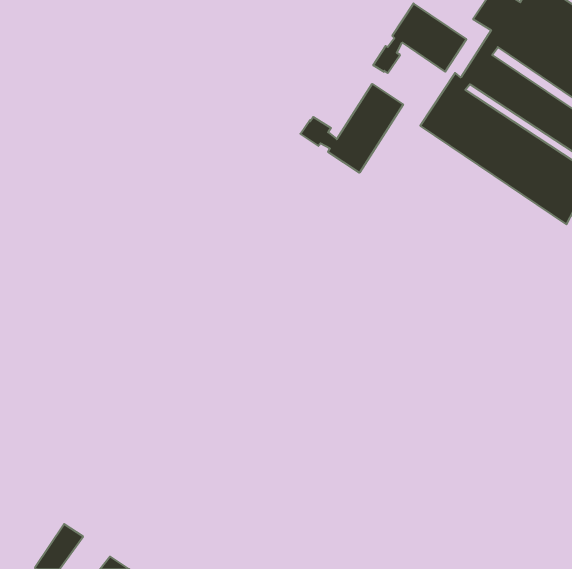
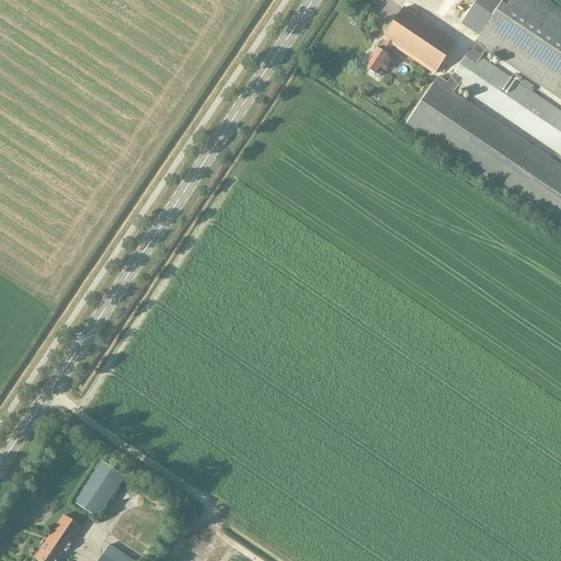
building: [300,84,403,173] -> none
building: none -> [75,457,126,515]

